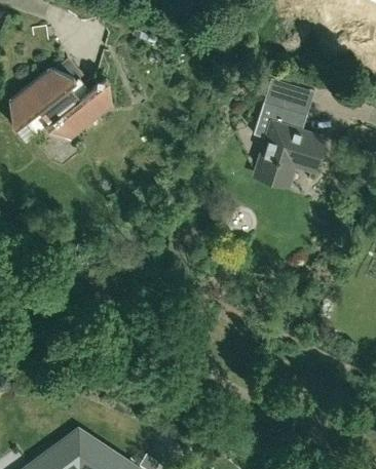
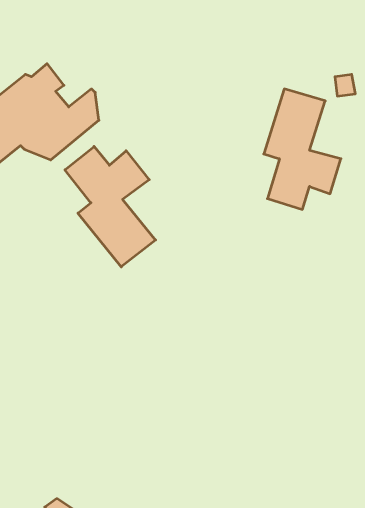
building: none -> [65,146,156,267]

